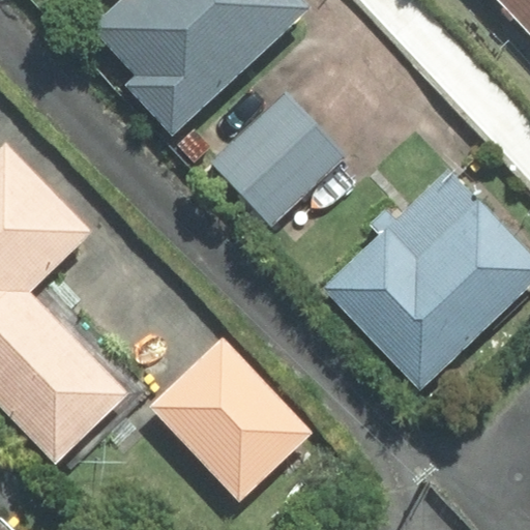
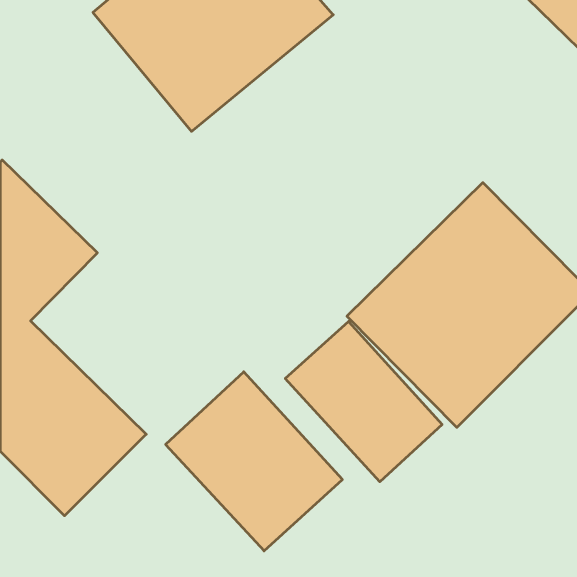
building: [204,93,338,226] -> none
building: none -> [285,321,442,482]

